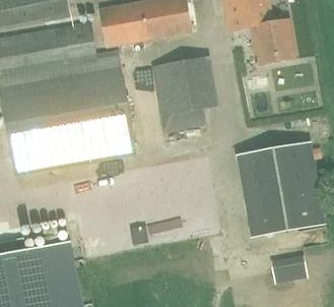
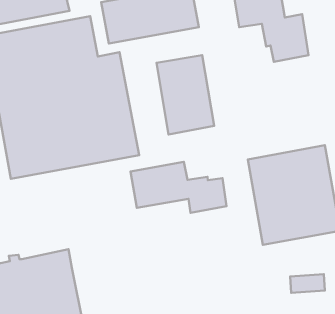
building: none -> [130,162,227,213]

